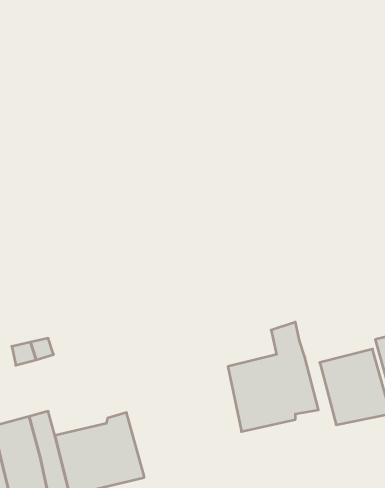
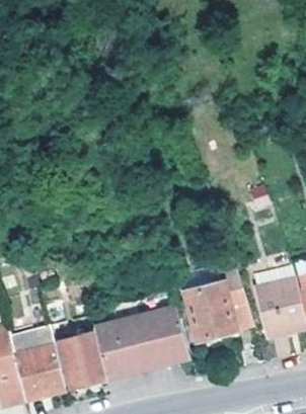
building: none -> [109,311,189,375]

